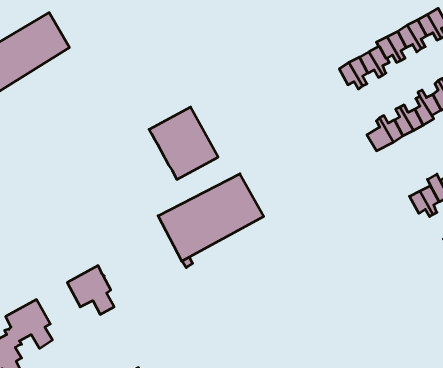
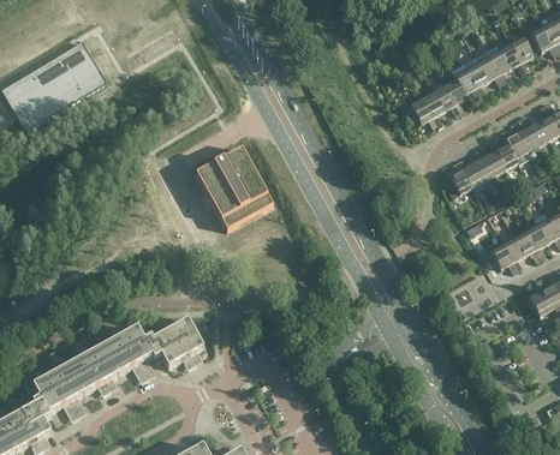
building: [158,174,264,261] -> none
building: none -> [144,318,204,366]
building: none -> [68,345,118,393]

